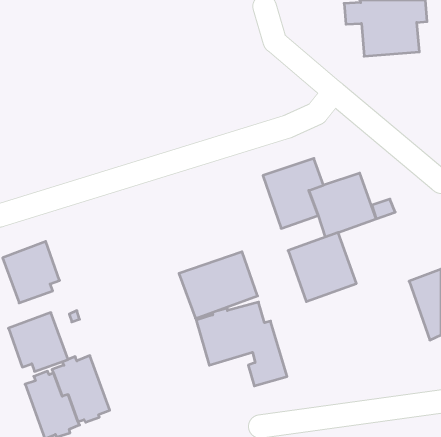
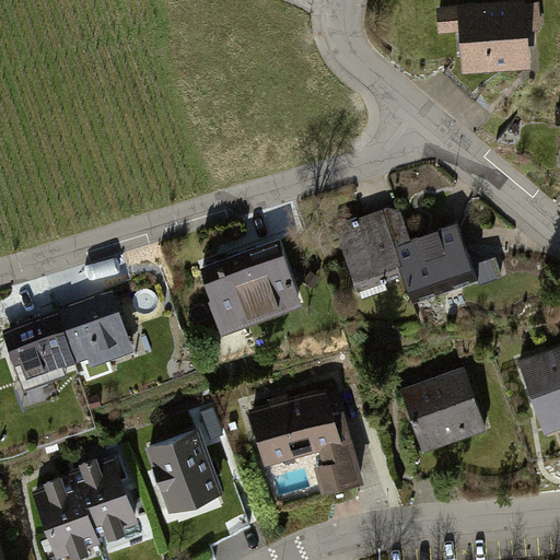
building: [288,232,356,302] -> [399,369,486,456]
building: [179,252,258,318] -> [203,249,303,334]
building: [8,313,68,371] -> [58,292,133,366]
building: none -> [145,428,223,513]

